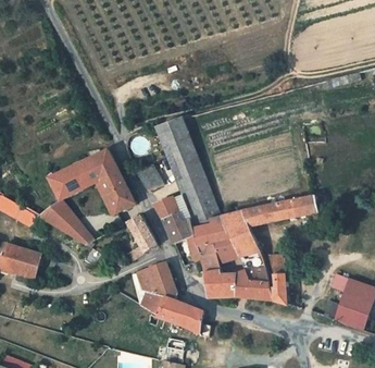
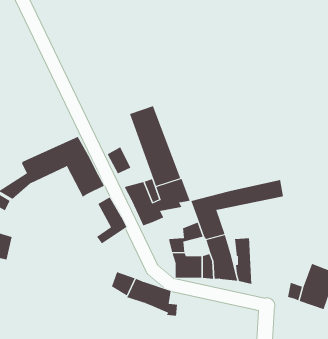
building: [40,200,93,244] -> none
building: [186,218,230,261] -> none
building: [138,262,176,300] -> none

